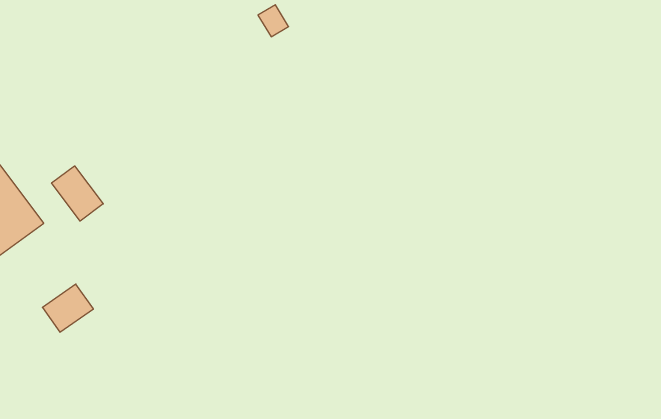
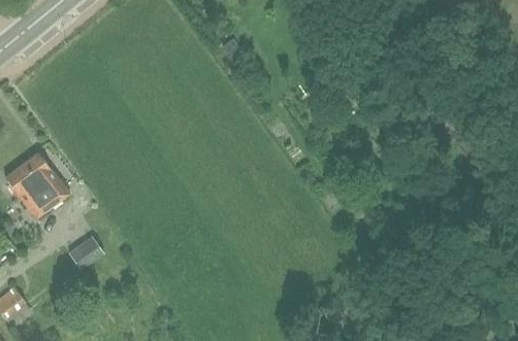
building: [52,166,103,221] -> none

